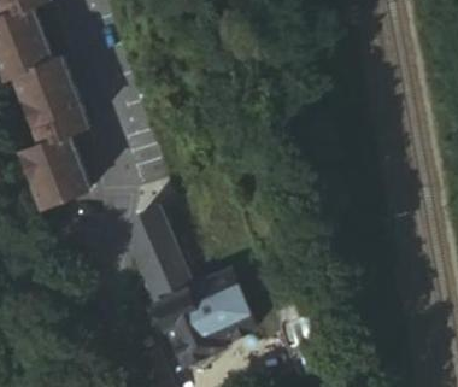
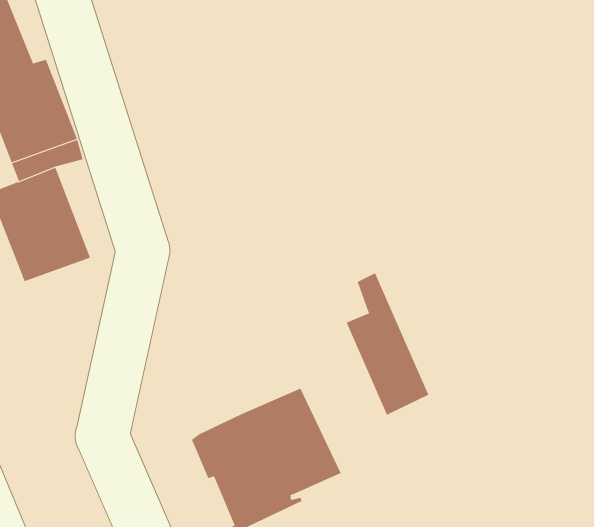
building: [130,209,184,301] -> [346,272,429,415]

